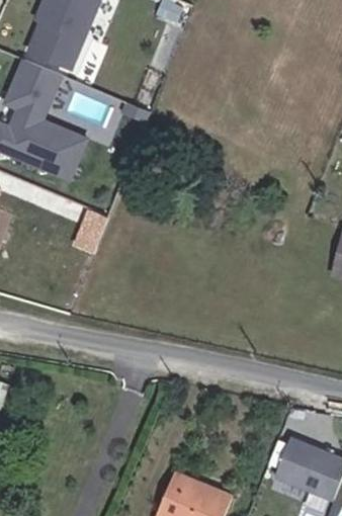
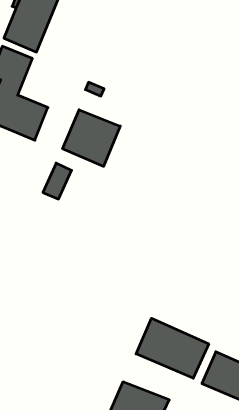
building: none -> [63,110,120,166]
building: none -> [136,318,209,378]

